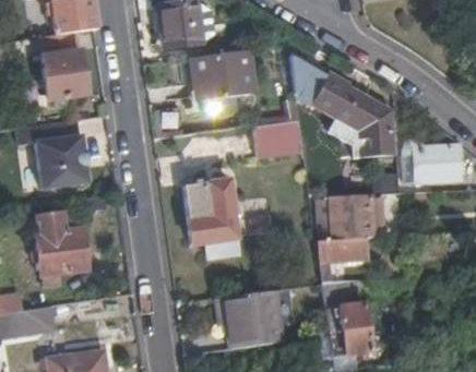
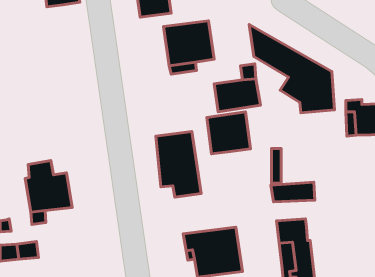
building: [39,32,86,101] -> none
building: [17,118,90,189] -> none
building: none -> [207,112,251,154]
building: [333,199,377,240] -> none

